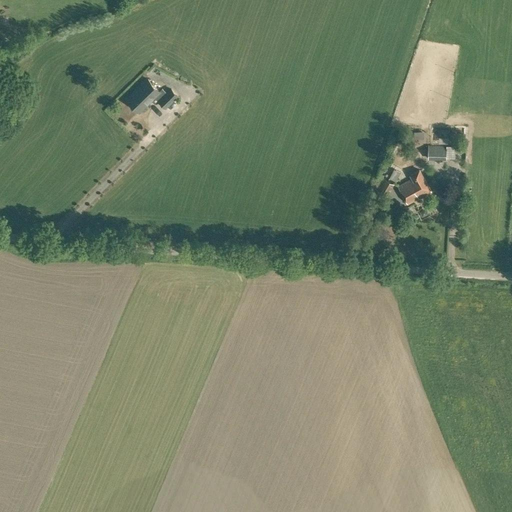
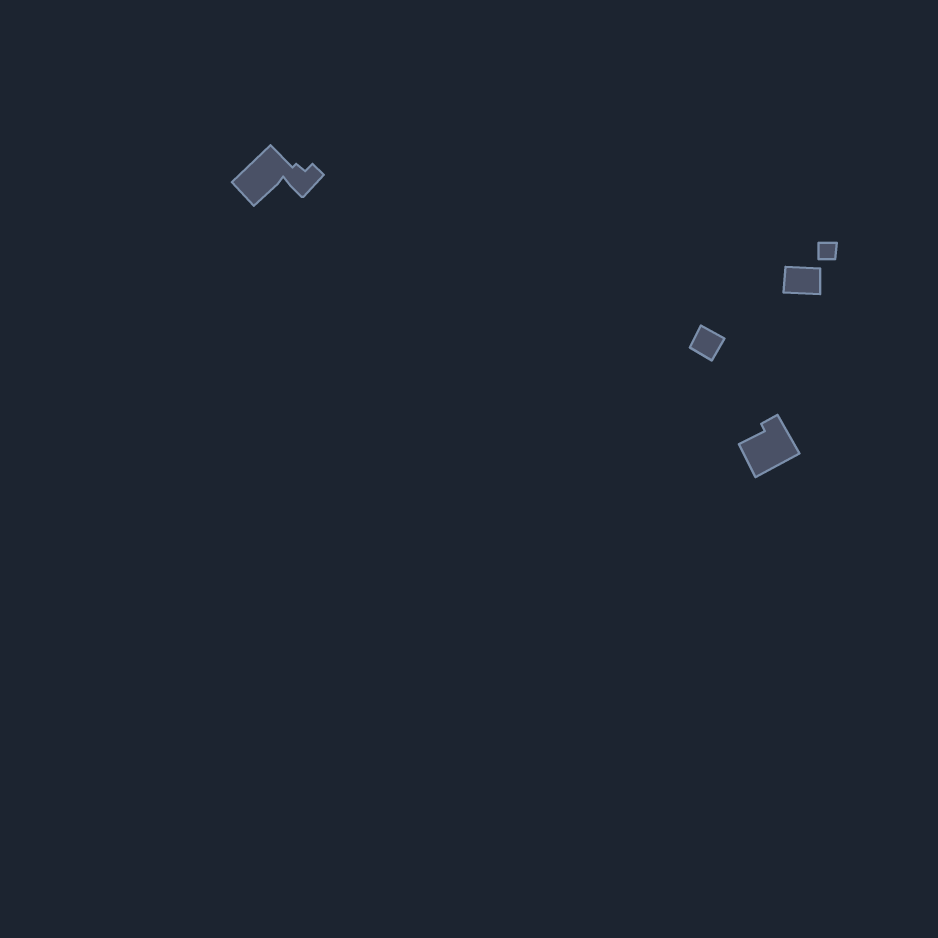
building: [397,171,430,205] -> [739,415,800,477]

